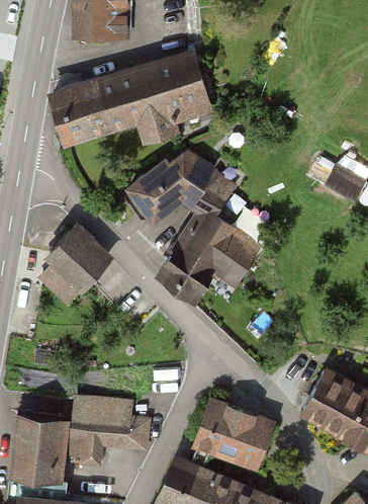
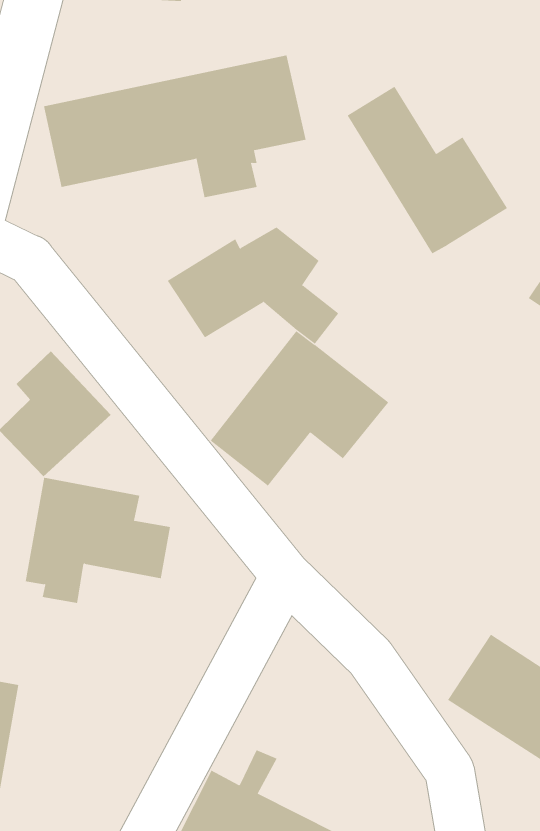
building: none -> [347,86,508,254]
building: [71,397,150,466] -> [25,477,171,604]
building: [197,402,270,465] -> none

